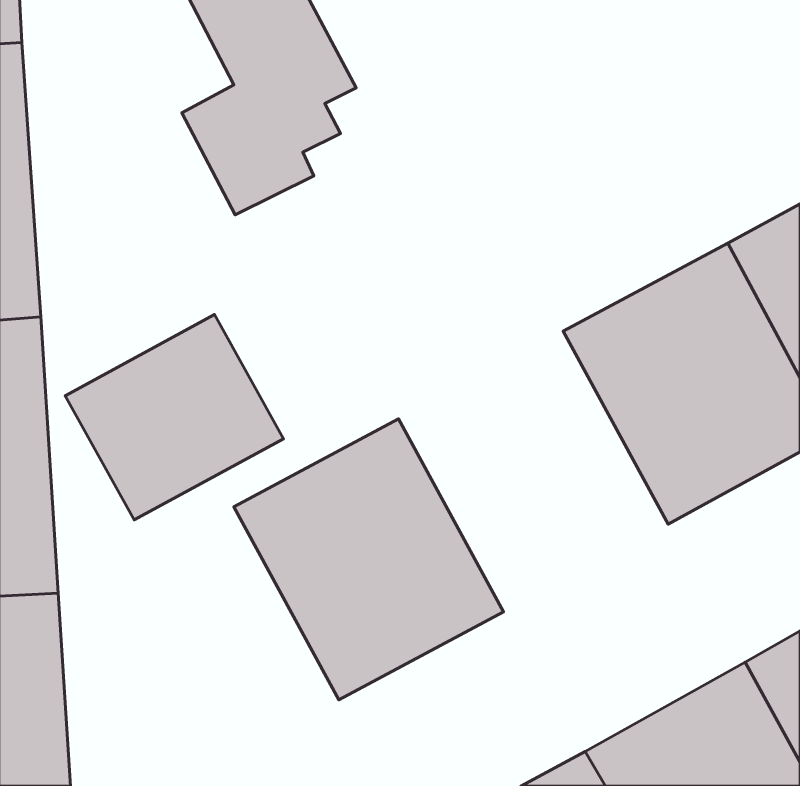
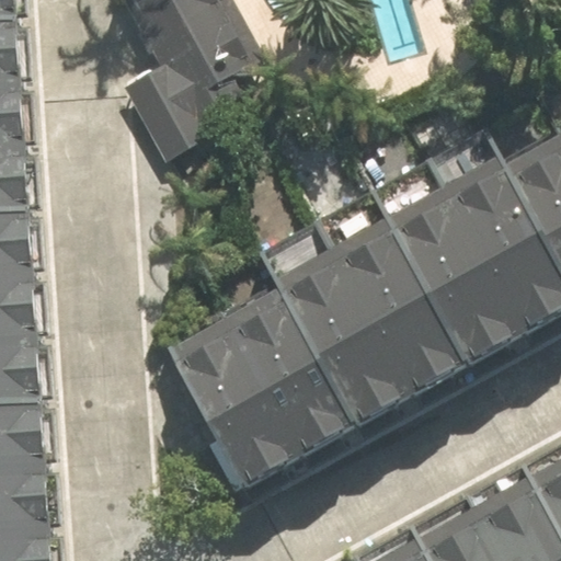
building: [65,315,283,520] -> none
building: none -> [278,231,467,427]

